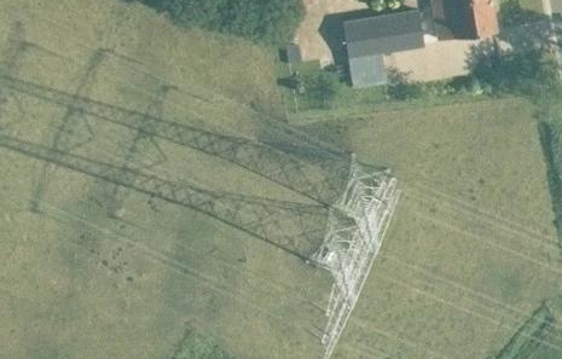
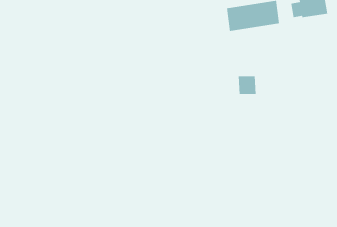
building: [357,58,384,86] -> [238,76,256,95]

